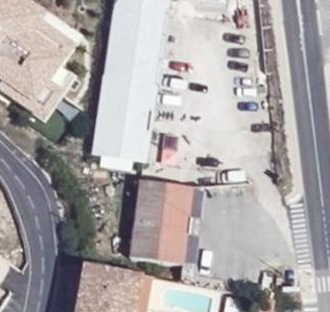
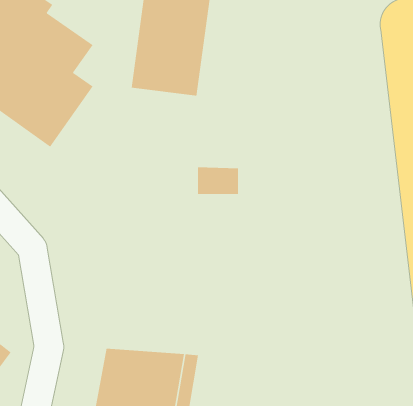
building: [93,79,151,159] -> none
building: [135,179,195,263] -> none

